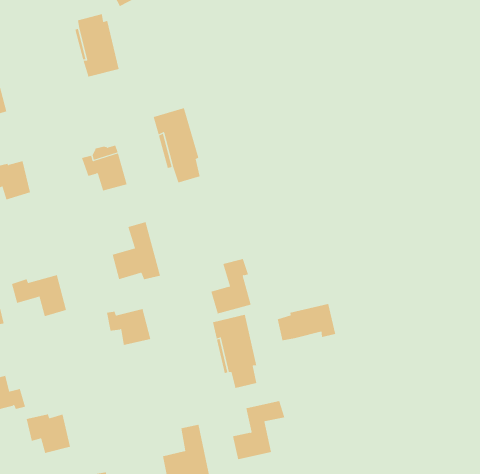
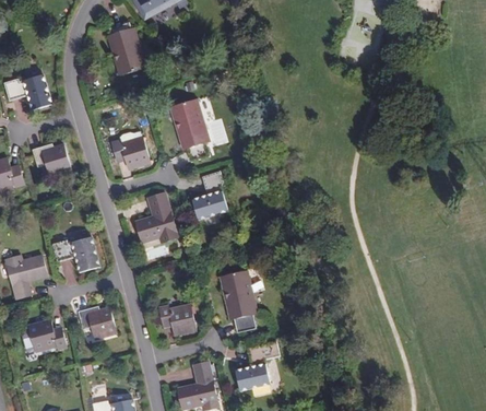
building: [211,258,252,314] -> [192,173,226,219]
building: [277,303,336,341] -> none
building: [106,309,151,346] -> [159,304,197,334]
building: [26,414,71,453] -> [80,307,117,340]

